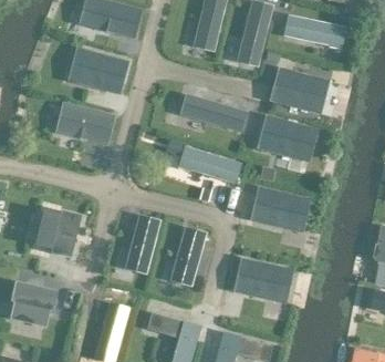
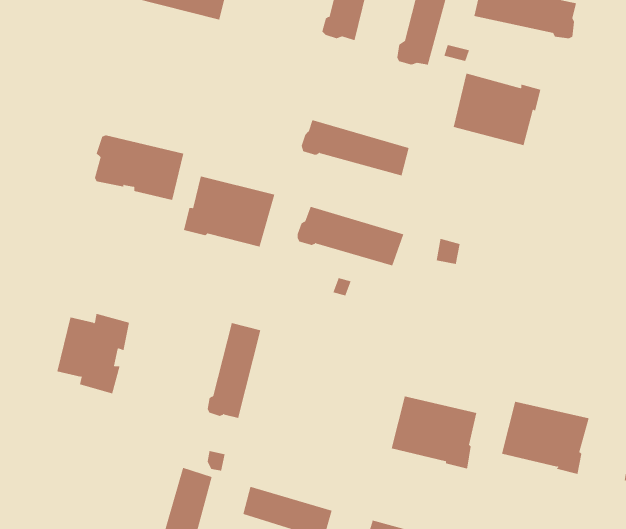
building: [74,51,128,93] -> [183,176,275,247]
building: [259,116,310,161] -> none
building: [251,188,303,231] -> [501,401,590,475]
building: [170,228,205,285] -> none
building: [10,281,58,324] -> none

